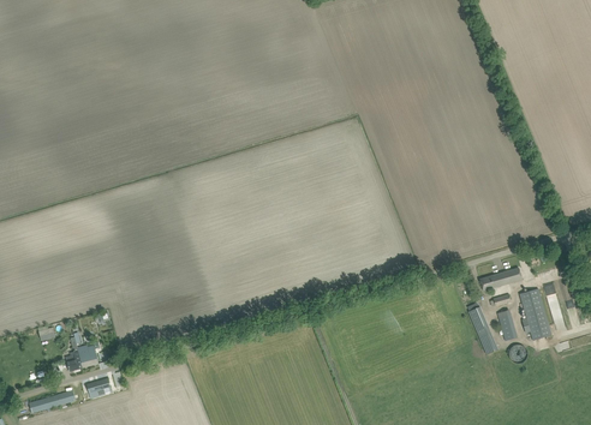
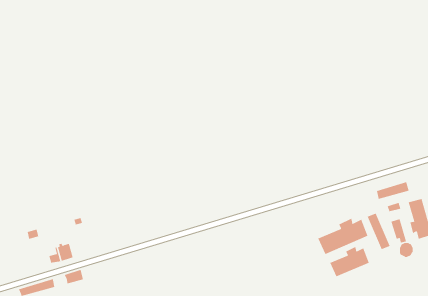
building: none -> [318,218,368,255]
building: none -> [330,246,370,277]

